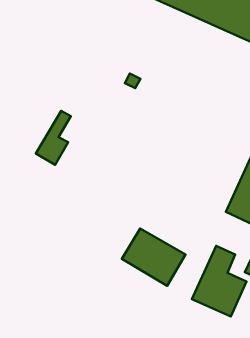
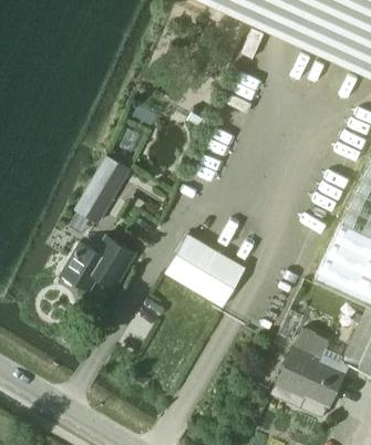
building: none -> [64,234,136,287]
building: [122,228,185,286] -> [166,232,247,306]

